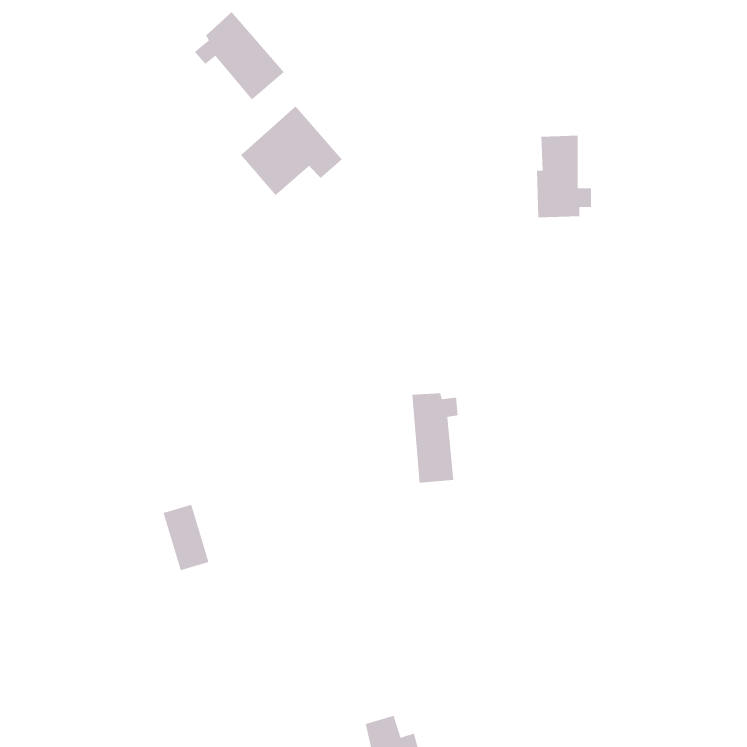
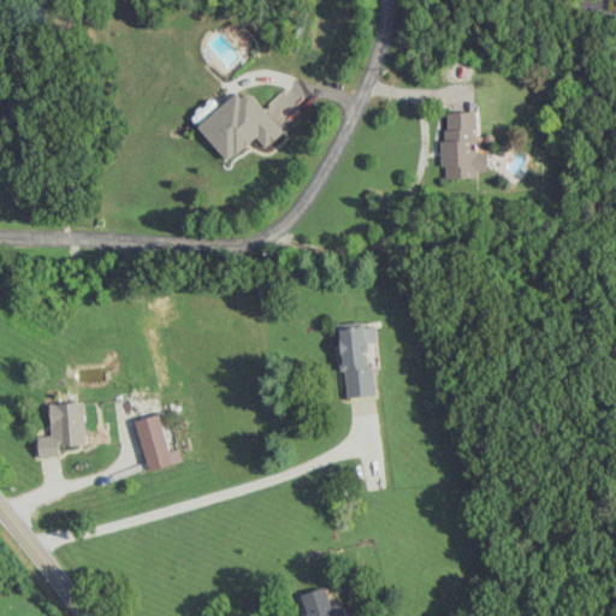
building: [194,11,285,101] -> none
building: none -> [37,403,84,458]

